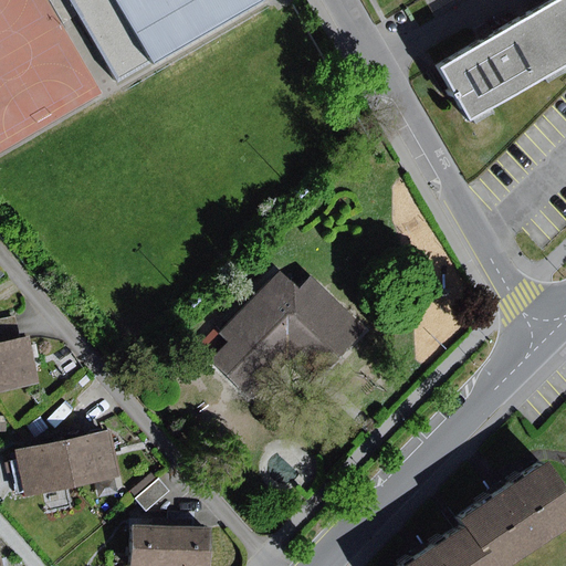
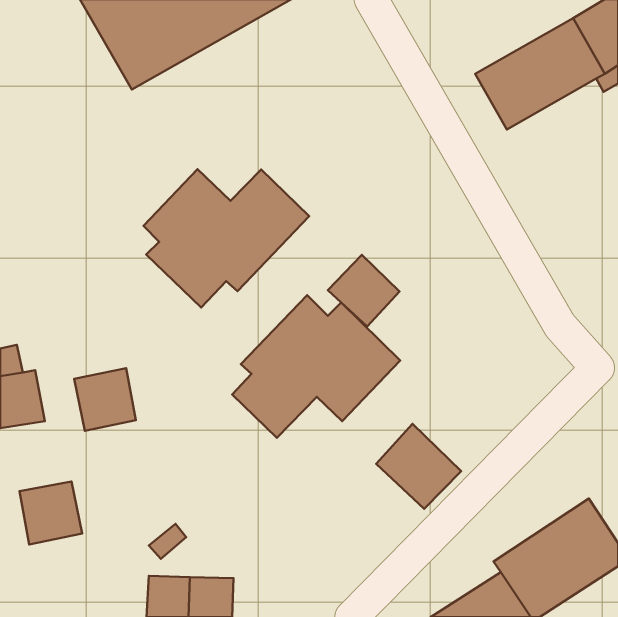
building: none -> [143,169,309,308]
building: none -> [328,255,400,327]
building: none -> [376,424,461,509]
building: [65,430,122,488] -> [74,368,136,431]

